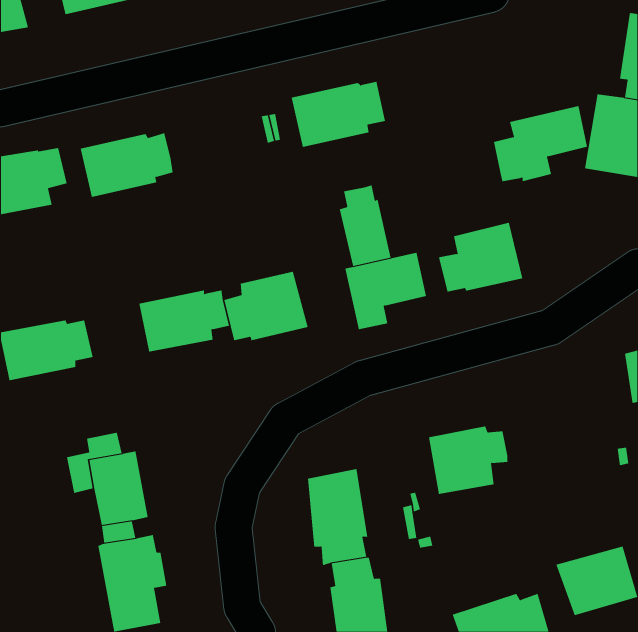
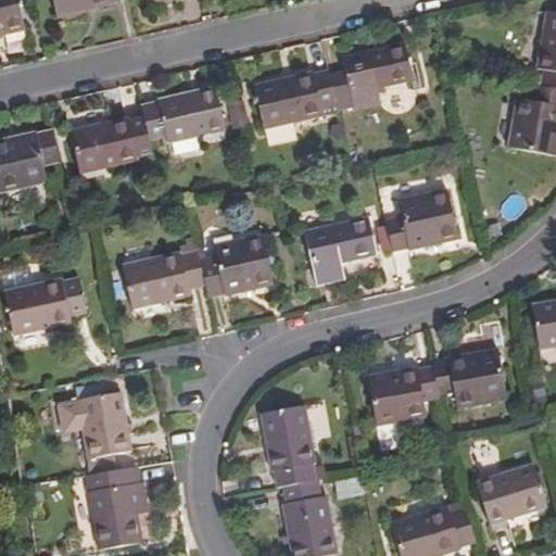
building: none -> [140,85,225,140]
building: [493,106,588,182] -> [329,43,412,110]
building: [339,184,391,267] -> none
building: none -> [437,354,510,412]

